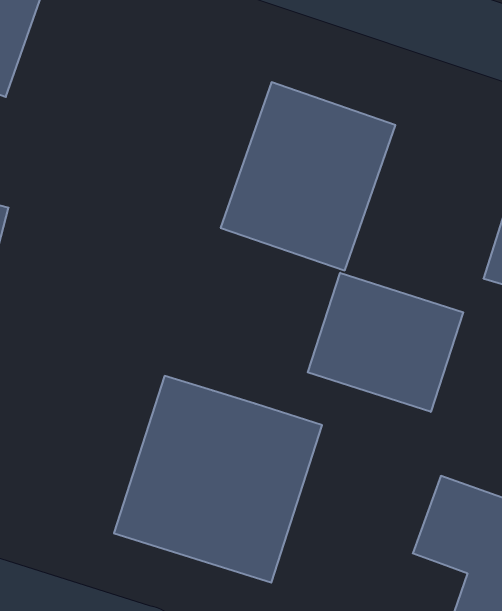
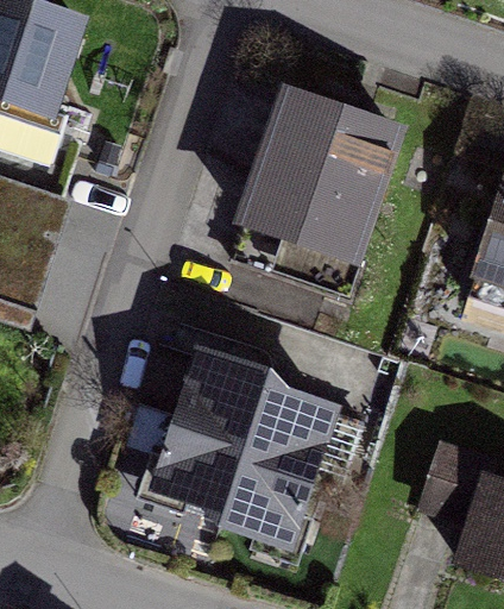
building: [308,273,463,412] -> none

